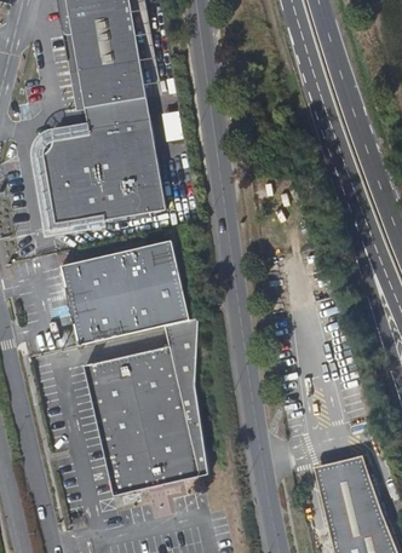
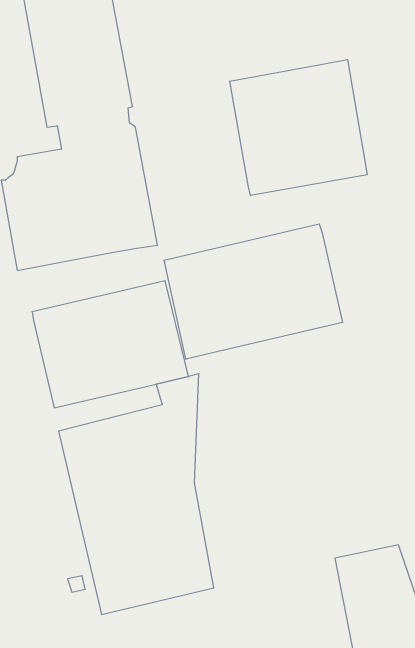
building: none -> [230,60,367,196]
building: none -> [164,224,343,359]

